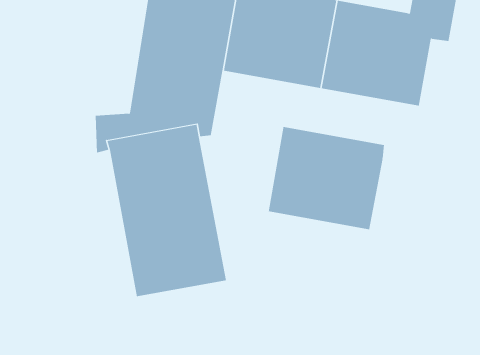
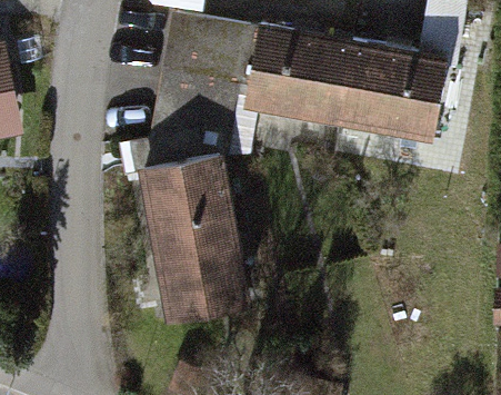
building: [268,126,385,230] -> none

